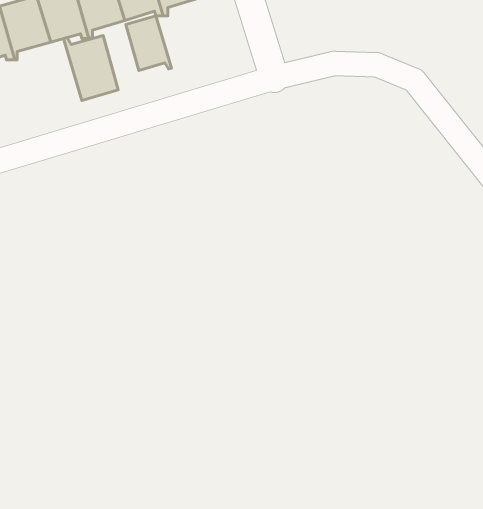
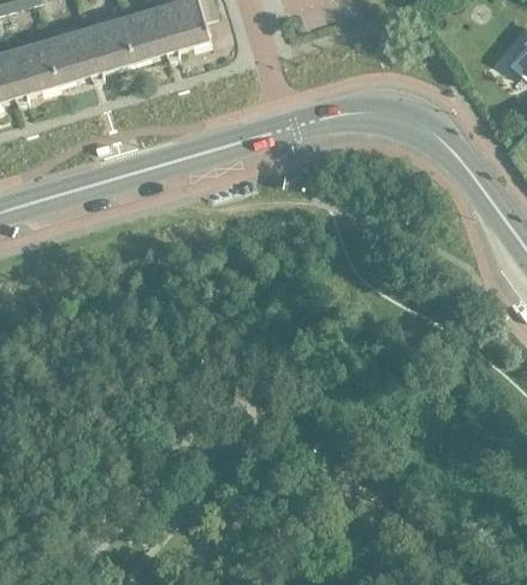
building: [126,16,171,70] -> none
building: [64,36,118,100] -> none

